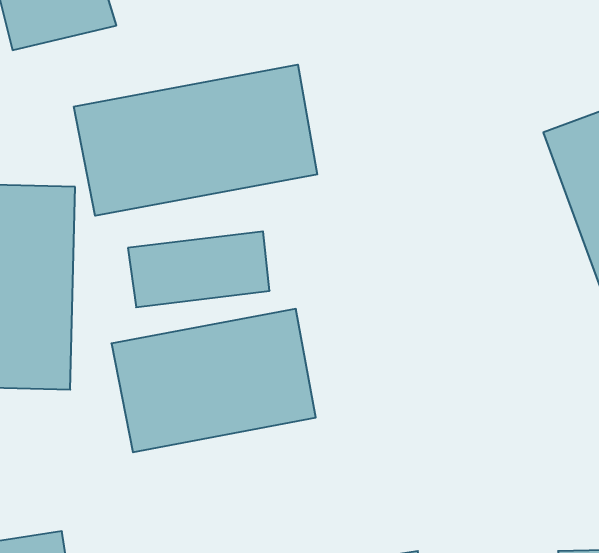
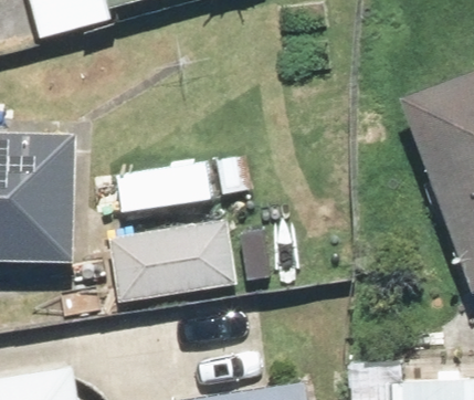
building: [74,65,317,216] -> none

